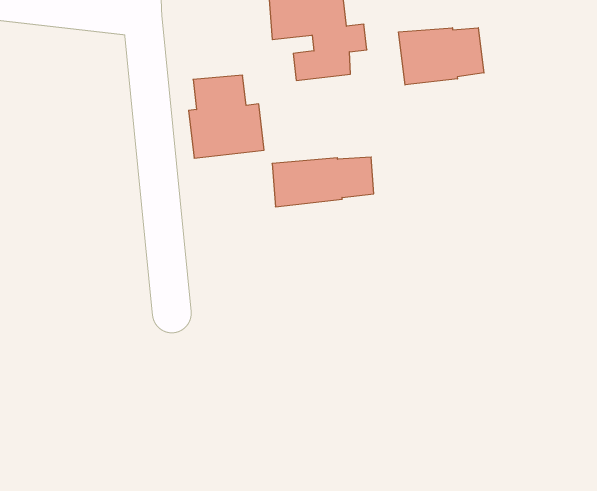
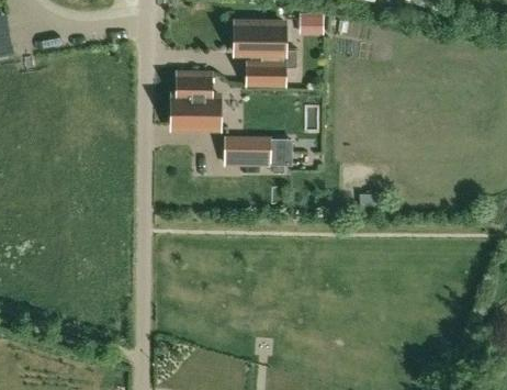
building: [399,28,484,85] -> none

